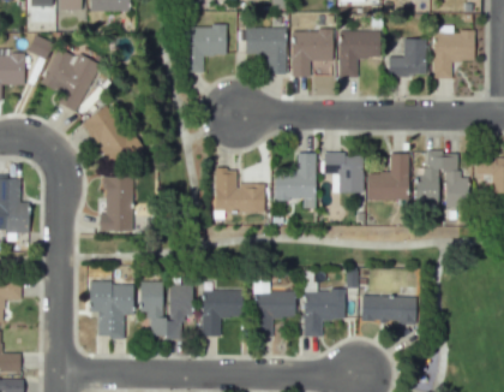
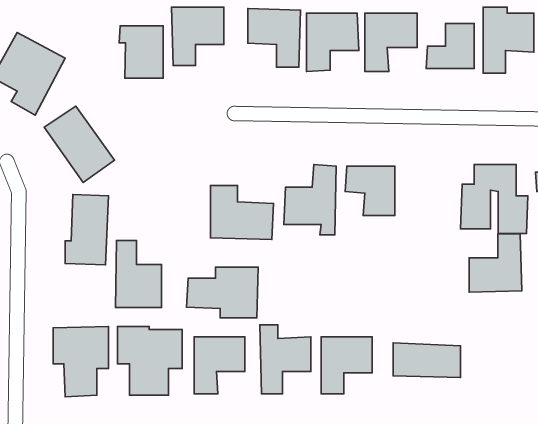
building: none -> [119,26,163,78]
building: [367,153,409,200] -> [469,234,522,292]
building: none -> [115,240,161,307]
building: none -> [187,267,258,318]

